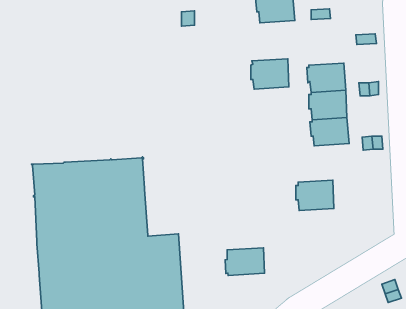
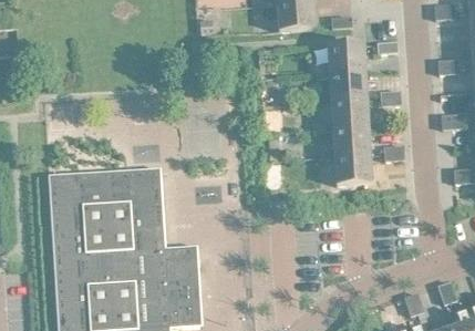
building: [251,59,289,89] -> [327,41,365,72]
building: [296,180,334,211] -> [333,152,372,183]
building: [225,248,264,275] -> none

